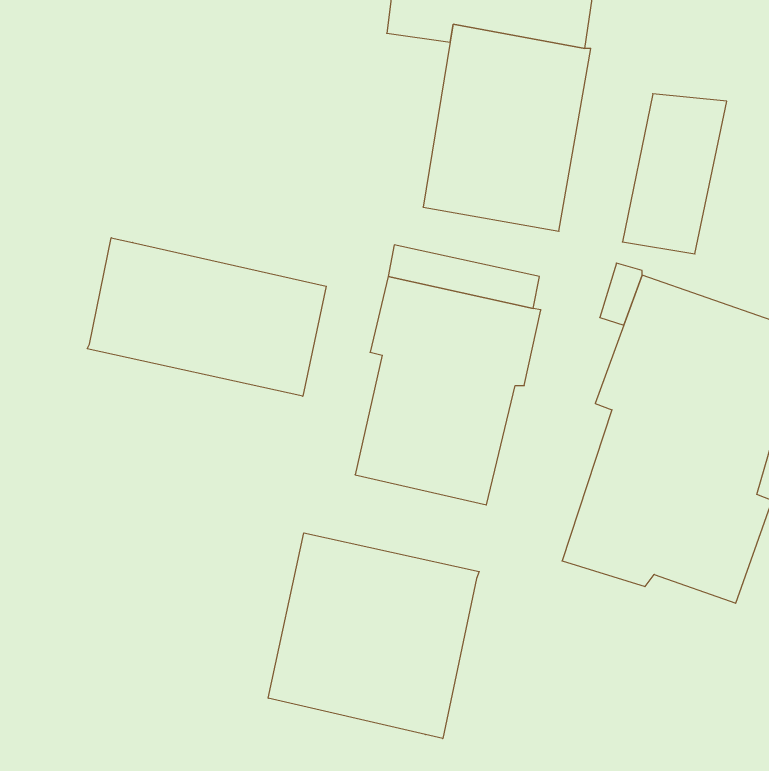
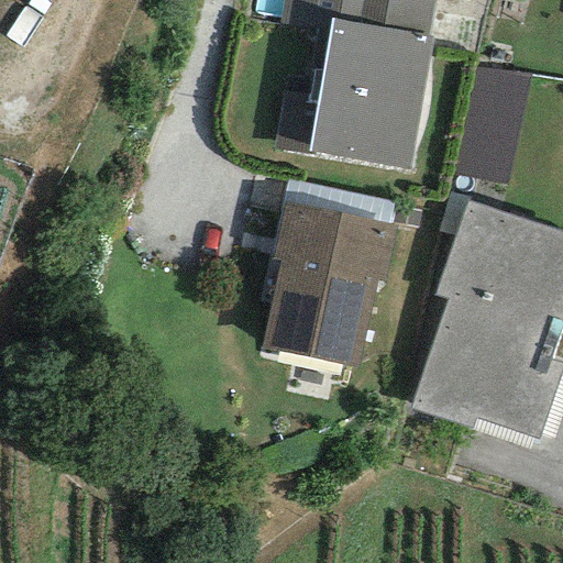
building: [87,238,326,396] -> none
building: [268,533,479,739] -> none

